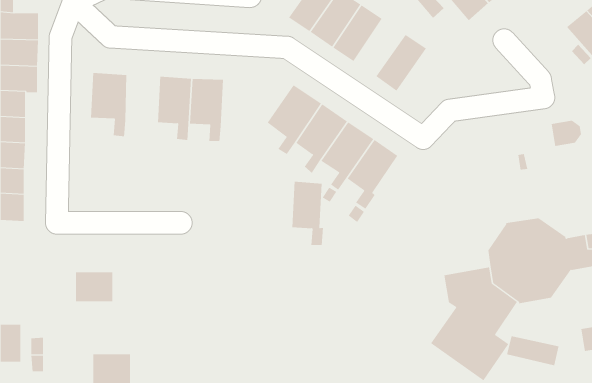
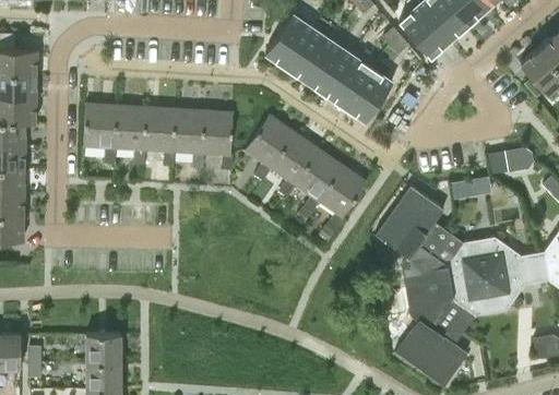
building: none -> [325,56,372,108]
building: none -> [117,107,147,166]
building: none -> [376,187,464,290]
building: [291,181,324,245] -> [204,111,234,170]
building: [75,272,113,302] -> [86,335,121,362]
building: [506,335,559,366] -> none

